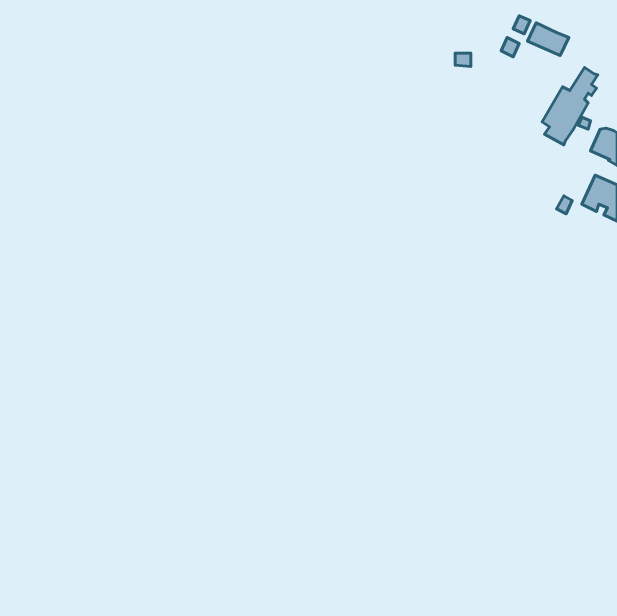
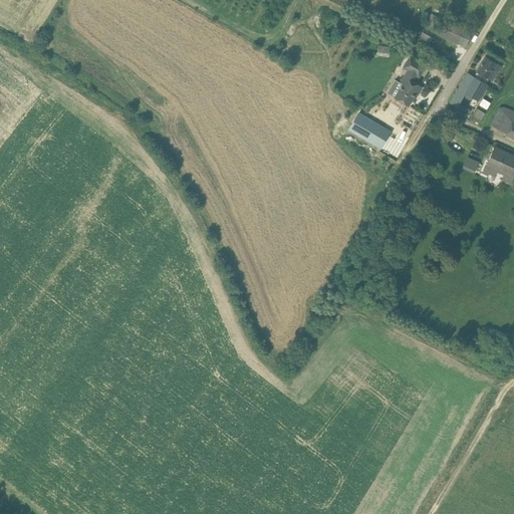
building: none -> [395,55,426,104]
building: none -> [349,112,389,147]

